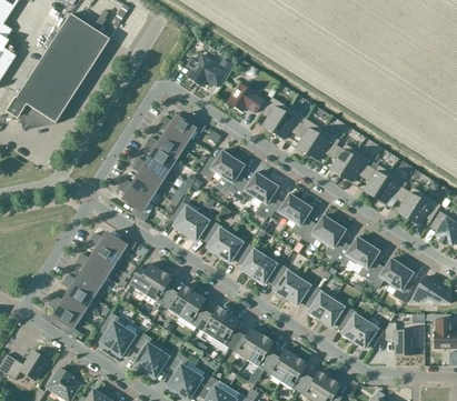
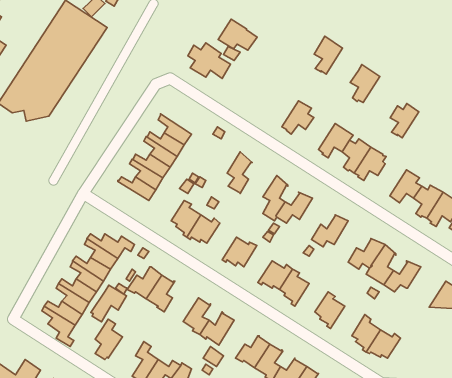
building: [228,83,265,112] -> [218,19,257,50]
building: [262,97,289,132] -> [314,36,343,74]
building: [160,116,205,139] -> none
building: [296,118,324,153] -> [350,65,380,103]
building: [200,150,235,179] -> none
building: [364,164,390,197] -> [390,104,419,138]
building: [232,171,269,202] -> none
building: [118,183,149,221] -> none
building: [290,199,314,238] -> none
building: [322,220,347,259] -> none
building: [203,222,231,257] -> none
building: [238,243,265,278] -> none
building: [389,263,415,302] -> none
building: [286,279,317,305] -> none
building: [163,284,196,314] -> none
building: [319,300,351,328] -> none
building: [215,313,240,349] -> none
building: [386,322,413,354] -> none
building: [111,323,145,358] -> [91,285,127,322]

